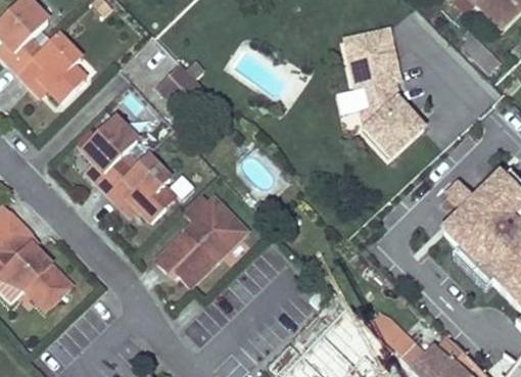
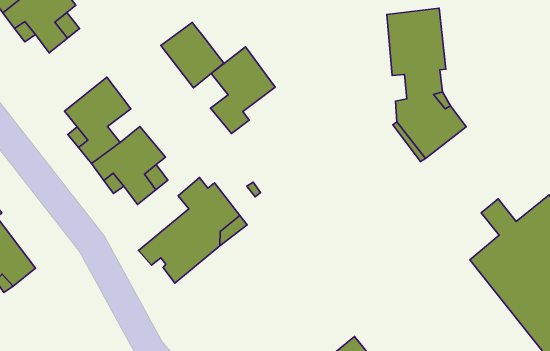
building: none -> [211,47,275,134]

